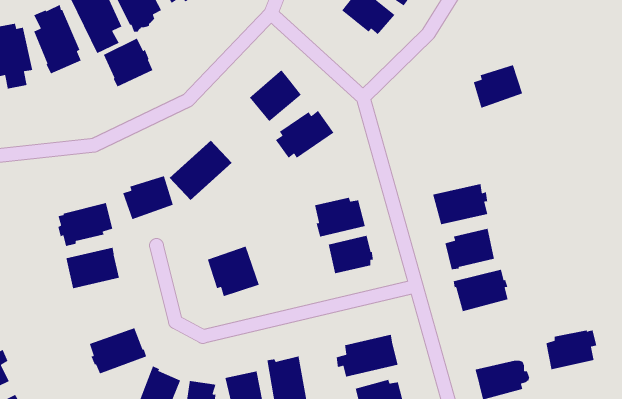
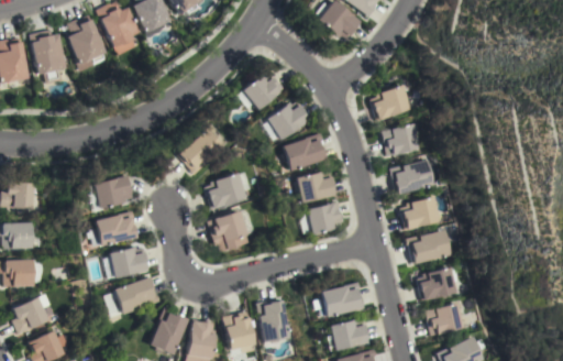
building: [103,37,153,87] -> none
building: [473,64,523,109] -> [372,85,412,121]
building: none -> [384,123,422,156]
building: none -> [278,133,328,171]
building: [122,175,174,220] -> [206,173,247,209]
building: none -> [109,247,150,278]
building: [546,329,597,370] -> [419,267,461,300]

